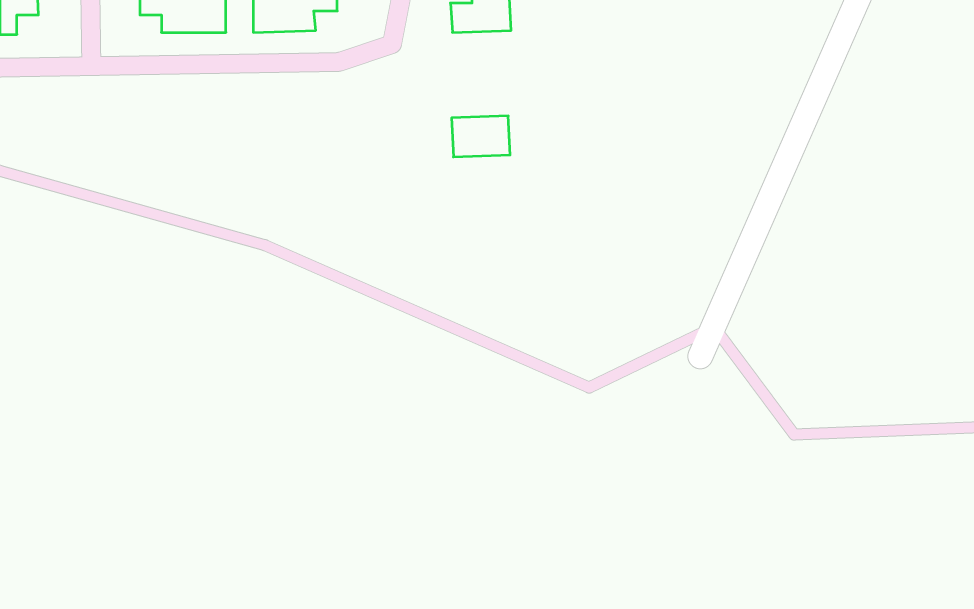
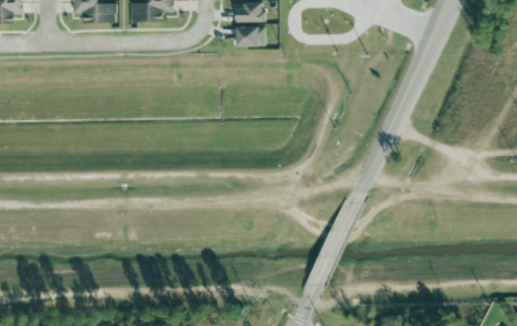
building: [452,116,510,157] -> [236,26,267,47]

